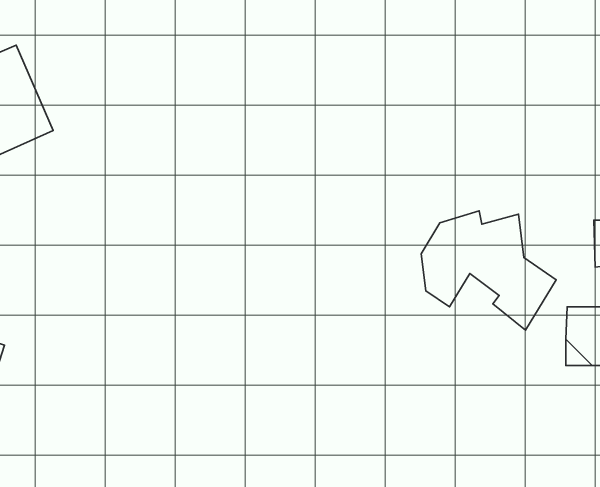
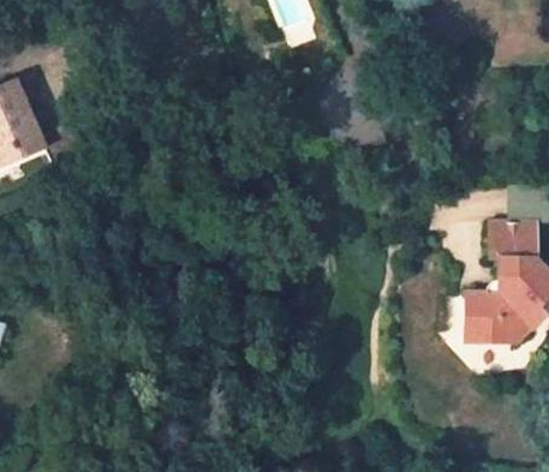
building: [421,211,556,330] -> none

